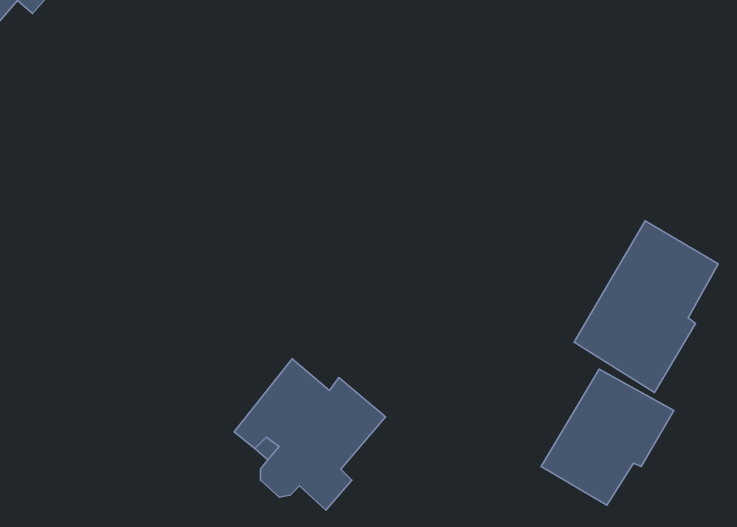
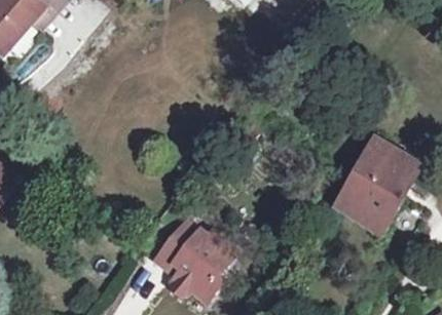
building: [541,369,674,505] -> none

